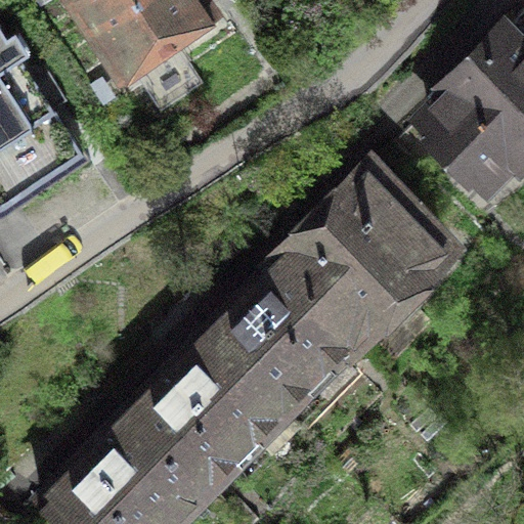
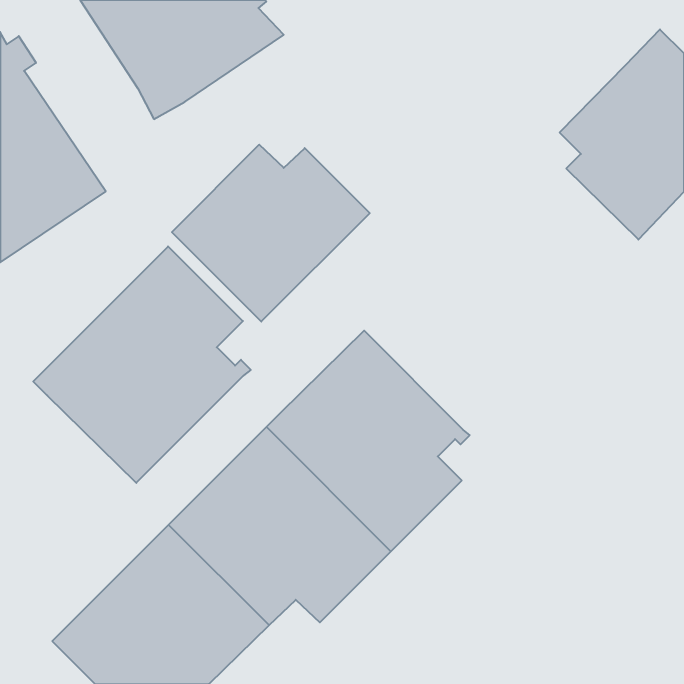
building: none -> [172,145,370,322]
building: [278,166,452,329] -> none
building: none -> [33,246,251,483]

